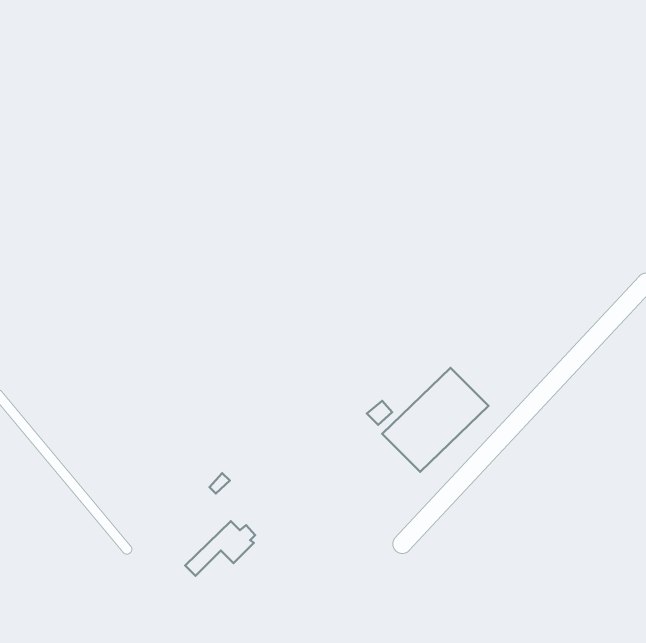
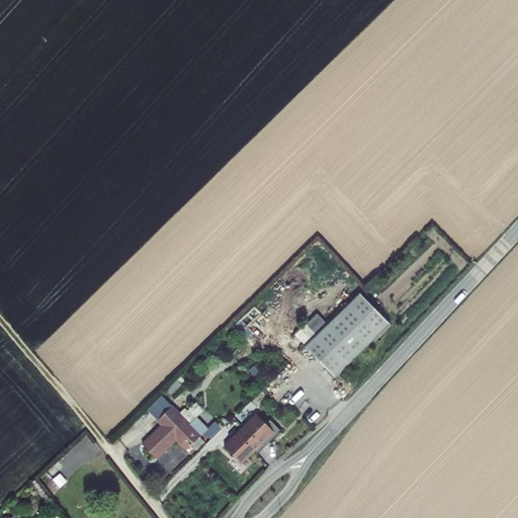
building: none -> [141,405,184,451]
building: none -> [224,414,280,463]

